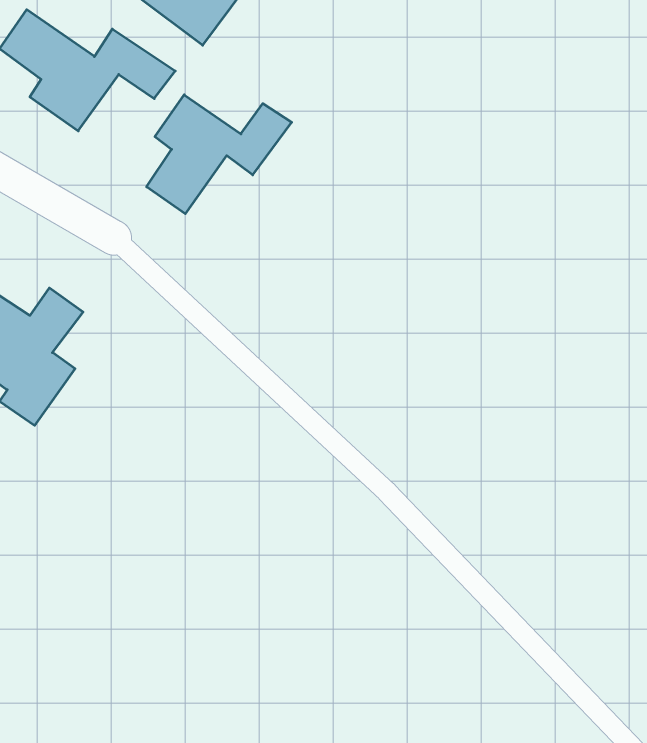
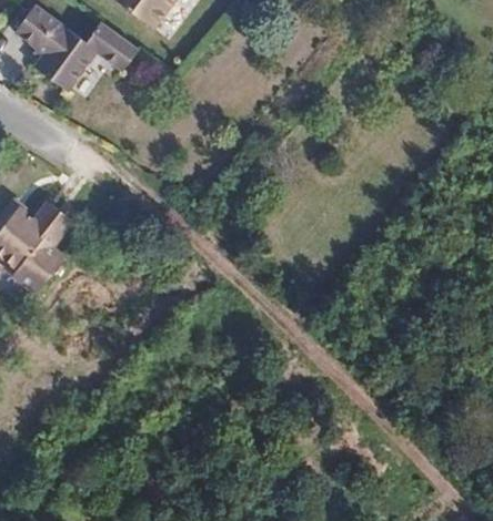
building: [147,95,292,214] -> none

